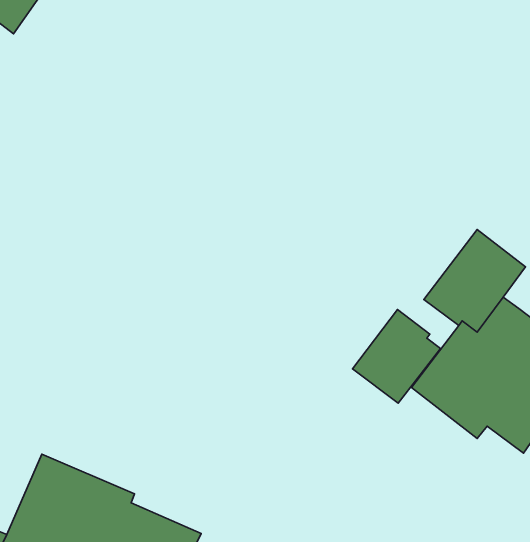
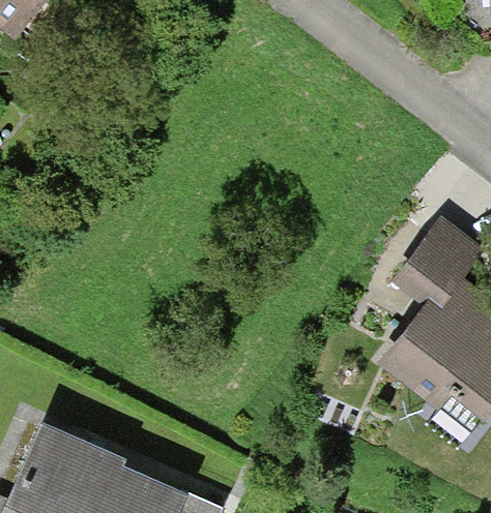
building: [352,309,441,403] -> none

